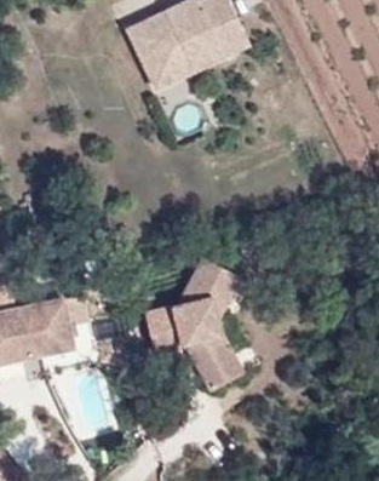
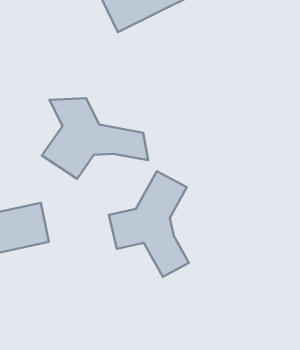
building: none -> [42,98,148,179]

